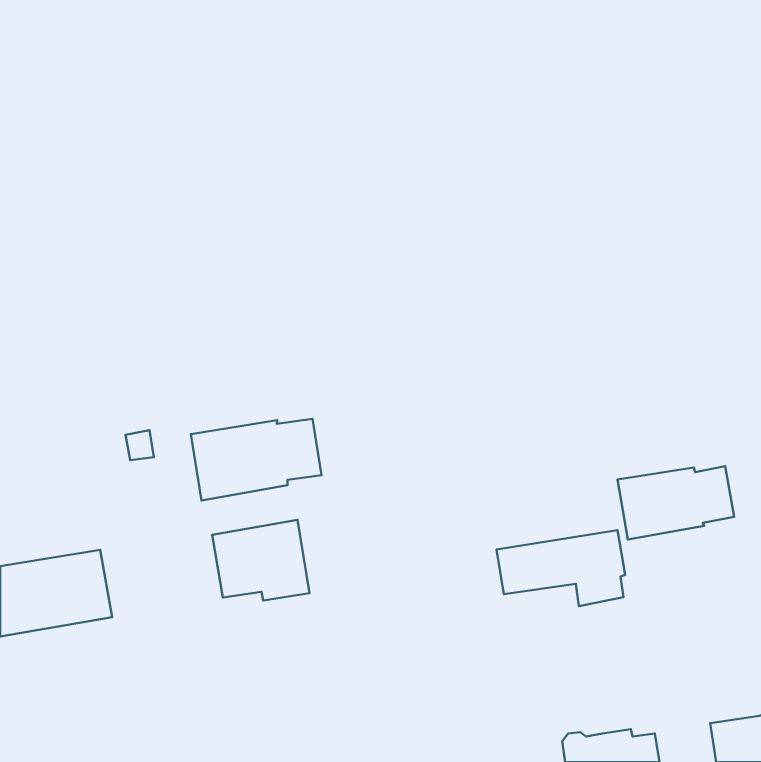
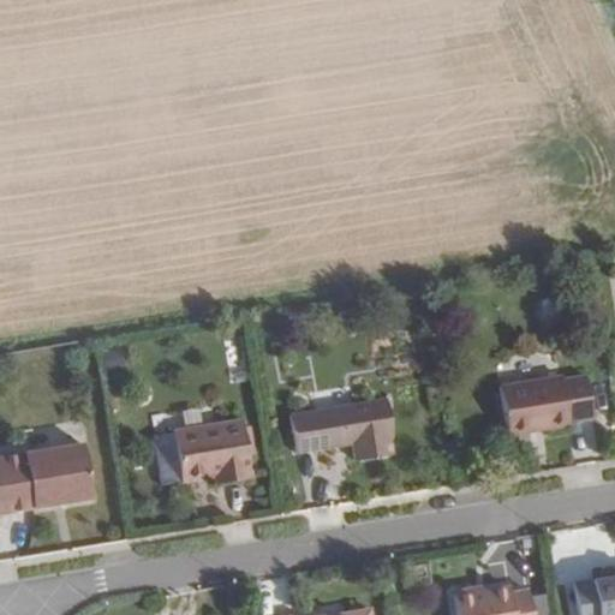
building: [191,419,322,501] -> none
building: [496,530,625,606] -> [289,399,393,460]

